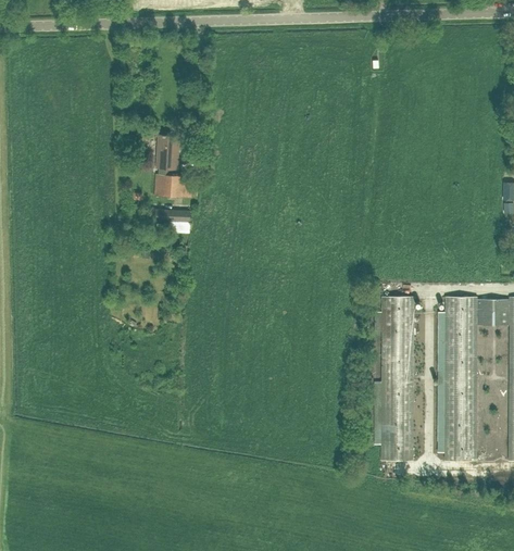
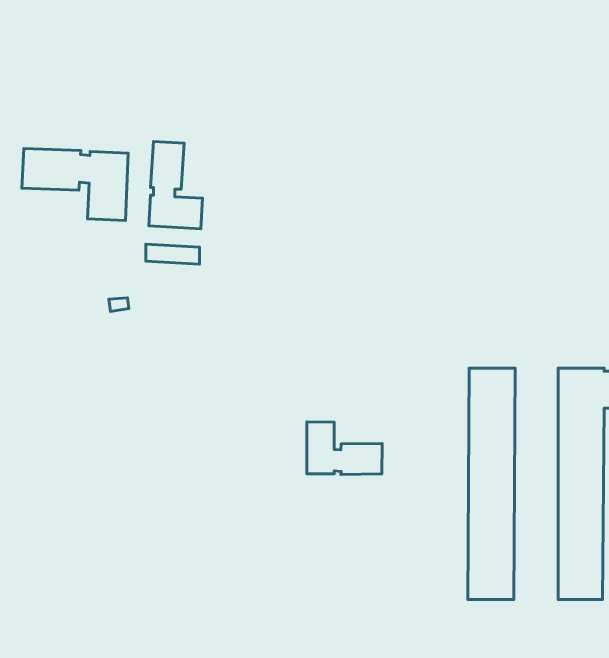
building: none -> [22,149,128,221]
building: none -> [307,422,382,474]

